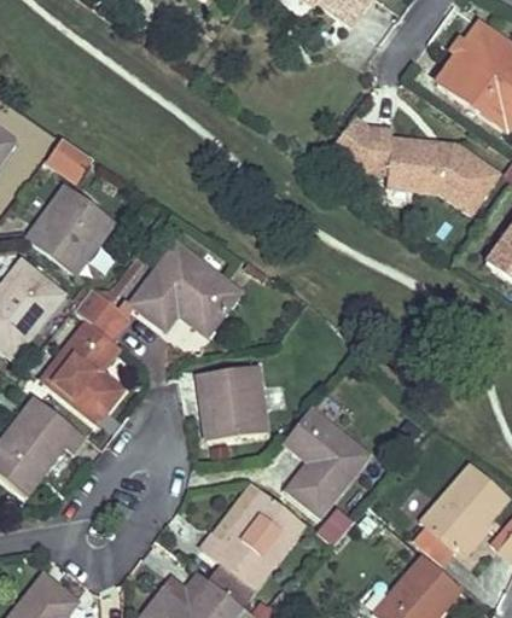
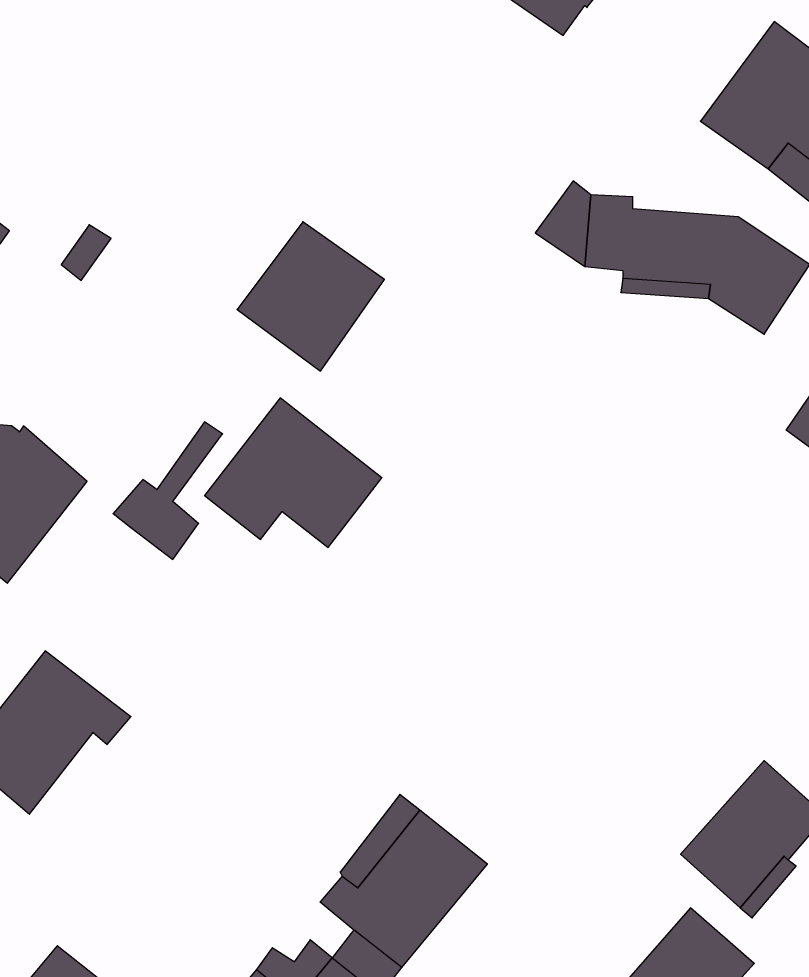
building: [25,186,115,276] -> [237,222,384,371]
building: [42,322,123,422] -> none
building: [197,368,266,441] -> none
building: [283,408,370,518] -> none

